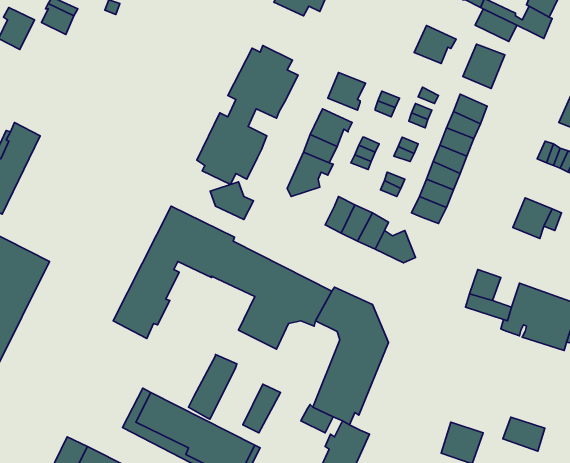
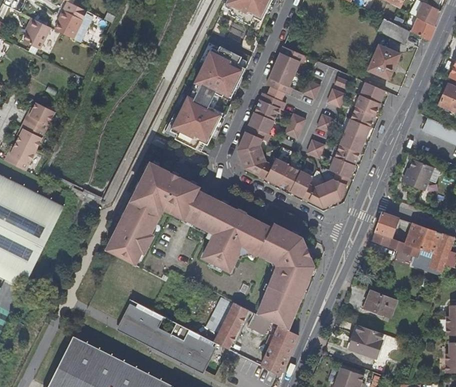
building: [414,26,456,63] -> [275,46,306,74]
building: [210,182,253,220] -> [240,151,272,179]
building: none -> [324,173,349,203]
building: [188,354,237,419] -> [212,302,248,350]
building: [503,417,545,451] -> [366,290,397,315]

